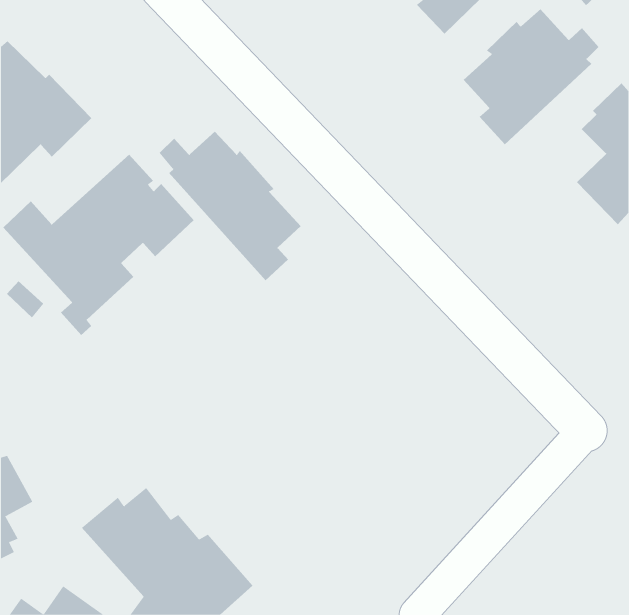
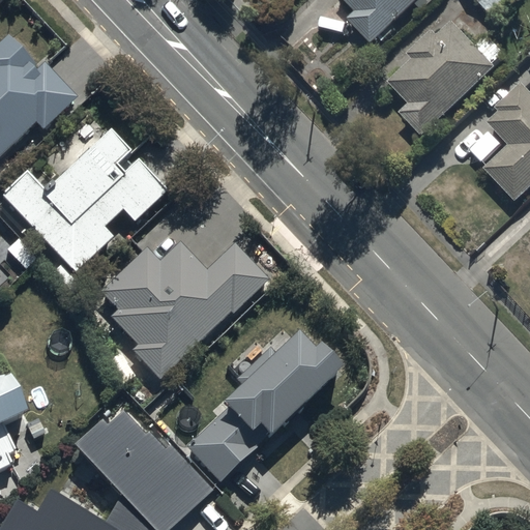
building: [159,131,301,281] -> none
building: none -> [102,242,268,380]
building: none -> [186,341,343,487]

